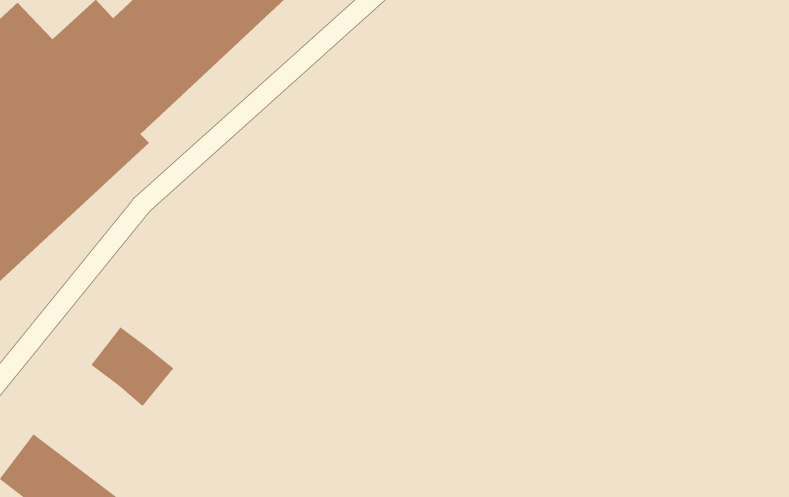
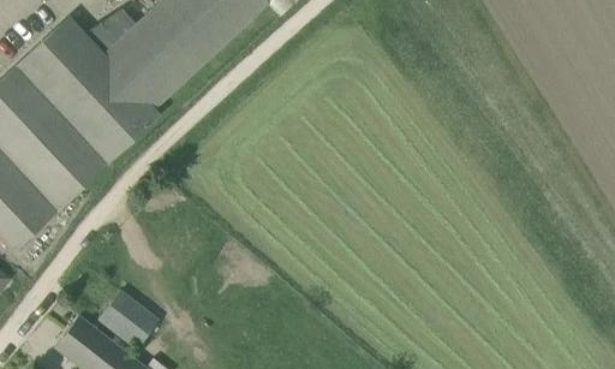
building: [91,327,174,407] -> [97,291,155,346]

